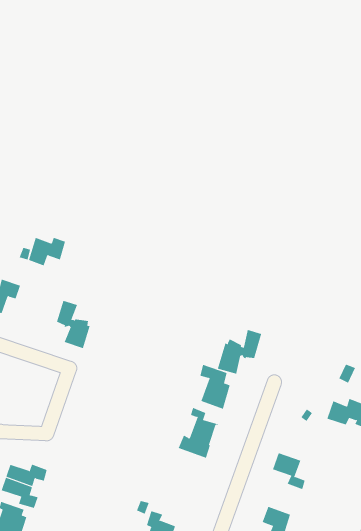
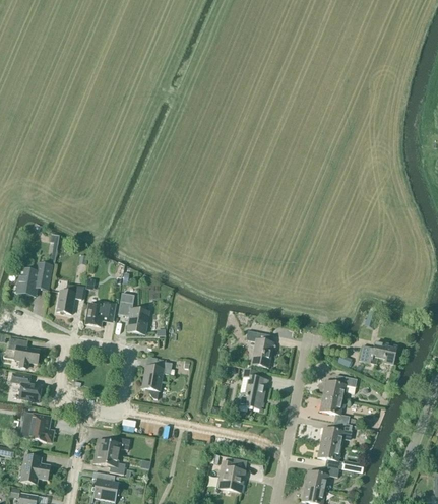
building: [28,237,66,266] -> [85,301,115,326]
building: [217,329,262,374] -> none
building: none -> [142,360,172,398]
building: none -> [322,375,357,399]
building: none -> [320,421,348,446]

